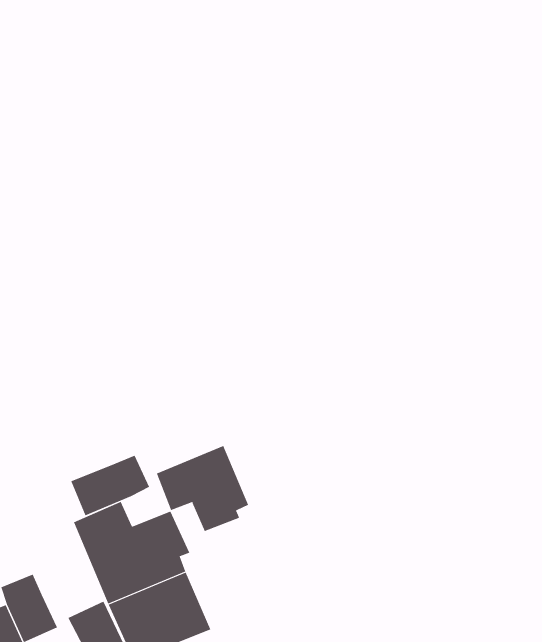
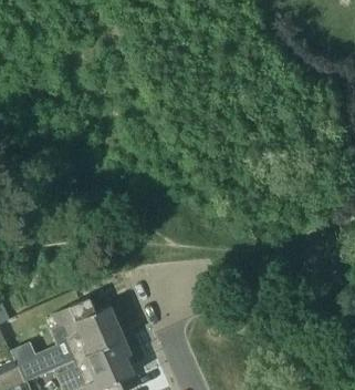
building: [156,445,249,532] -> none
building: [70,455,150,516] -> none

